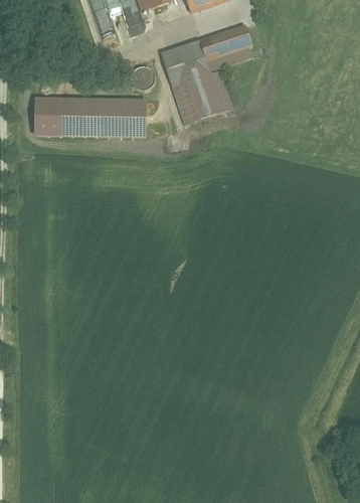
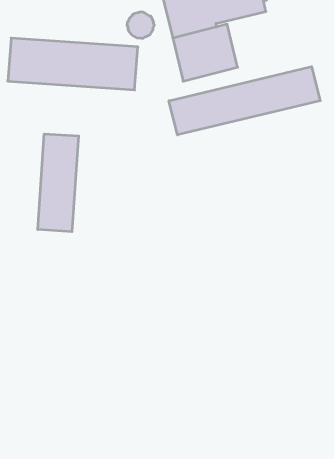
building: none -> [169,67,320,135]
building: none -> [38,134,79,232]

